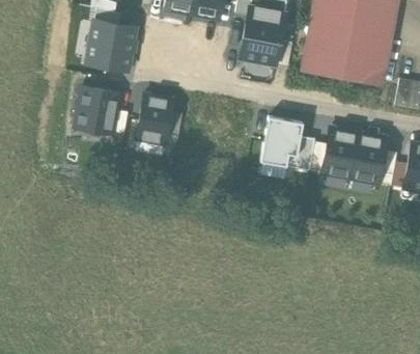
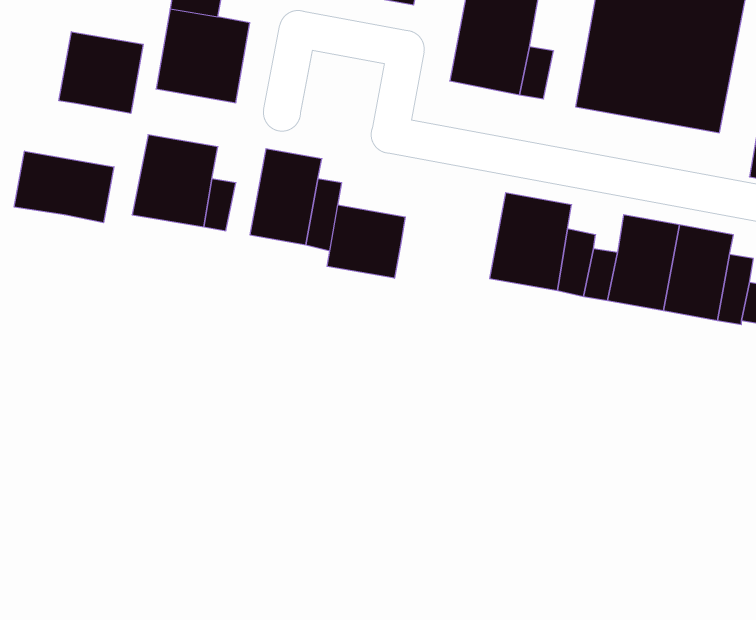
building: none -> [59,32,143,113]
building: none -> [14,151,114,223]
building: none -> [327,205,405,278]

